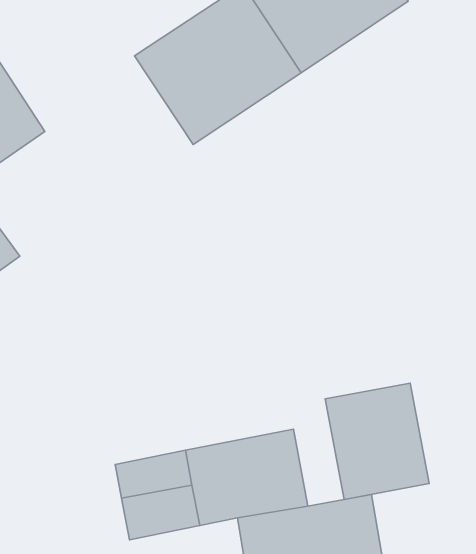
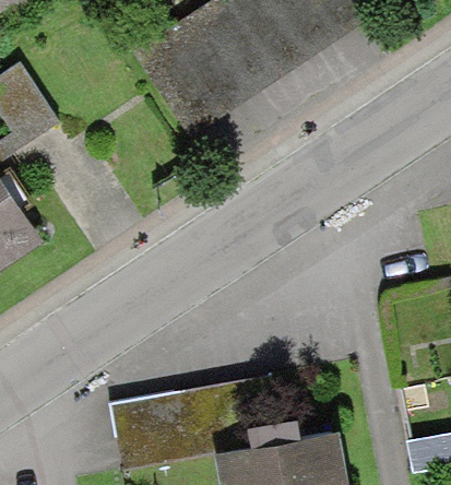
building: [325,383,429,499] -> none

